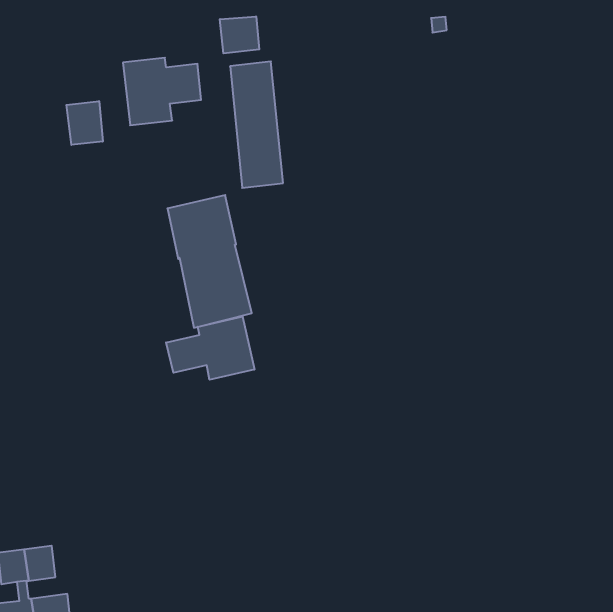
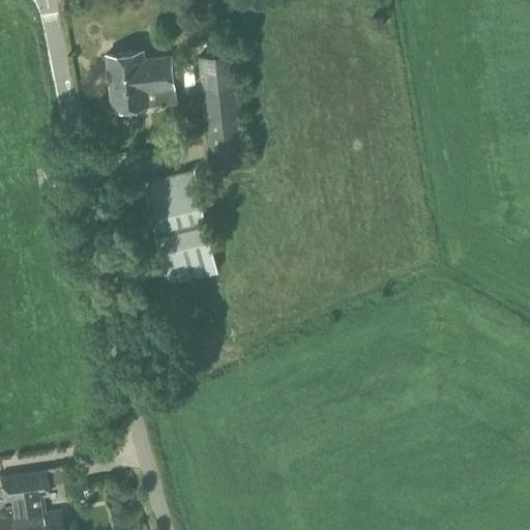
building: [220,16,259,53] -> none
building: [66,101,103,145] -> none
building: [166,317,254,380] -> none

